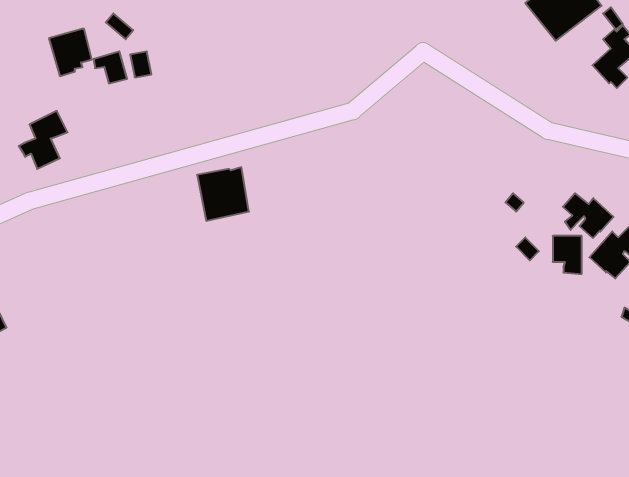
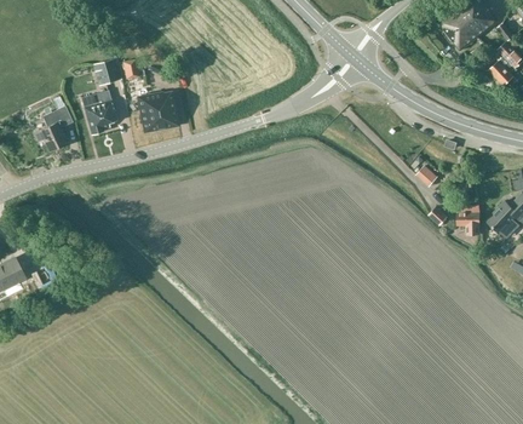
building: [49,29,92,76] -> [82,97,116,134]
building: [197,167,249,221] -> [137,91,178,133]
building: [563,193,614,238] -> none

